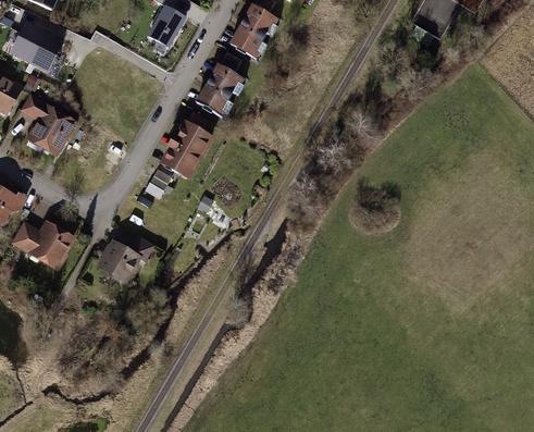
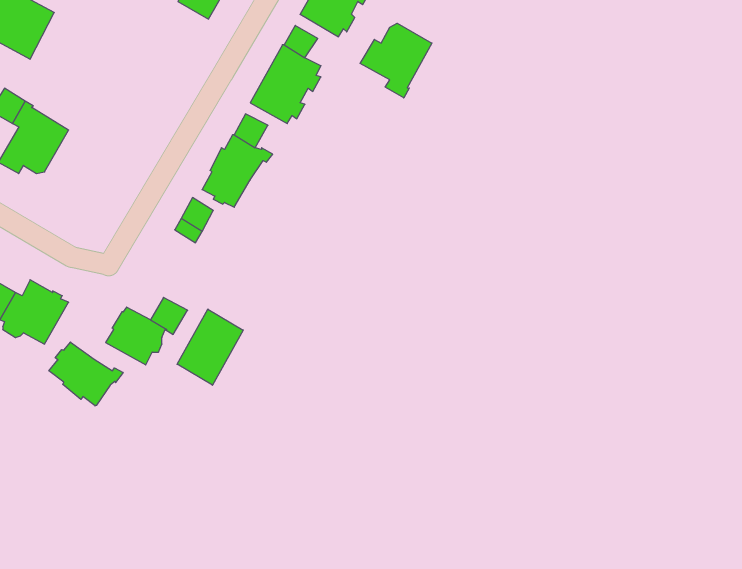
building: none -> [360,23,432,98]
building: none -> [177,309,243,385]
building: none -> [49,342,123,406]

